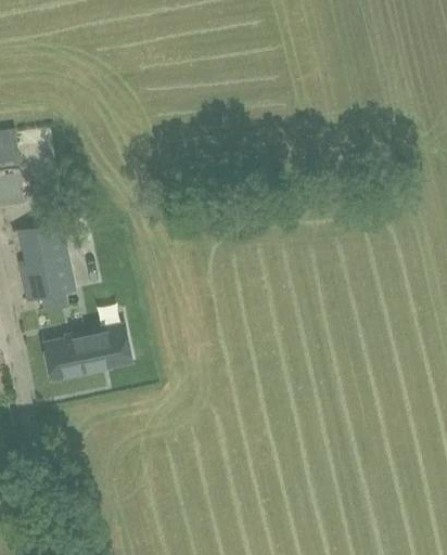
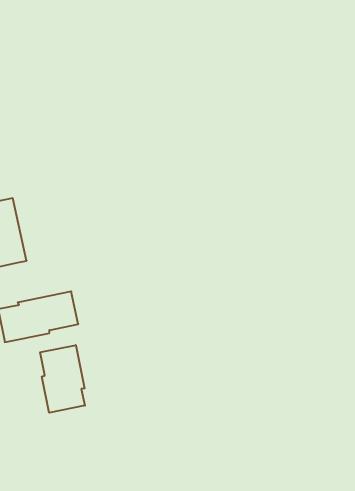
building: none -> [40,345,85,413]

